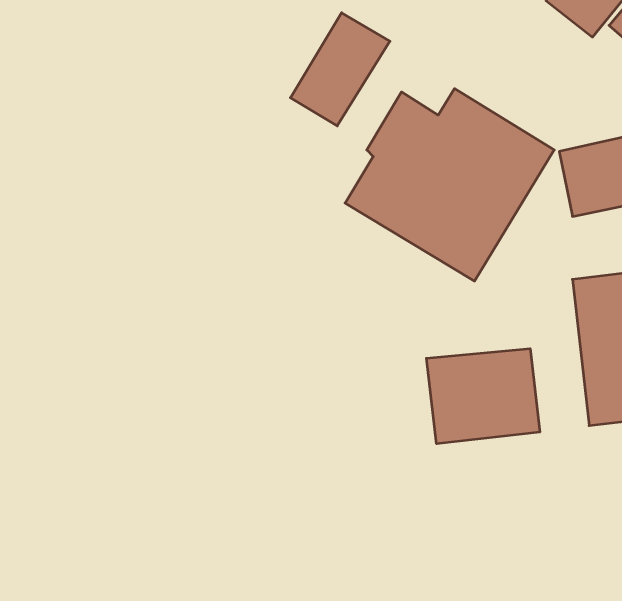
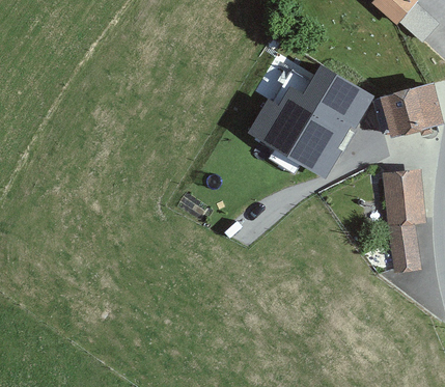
building: [290,13,390,126] -> none
building: [426,349,540,444] -> none

